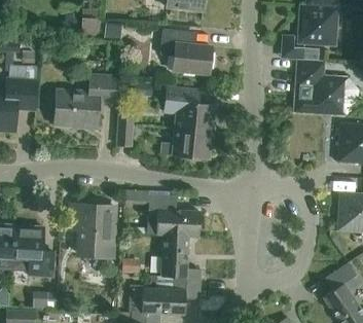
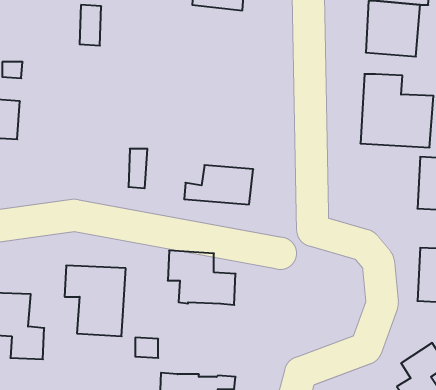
building: [160,30,212,74] -> none
building: [282,35,319,61] -> none
building: [55,75,117,128] -> none
building: [166,88,215,133] -> none
building: [148,234,201,290] -> none

